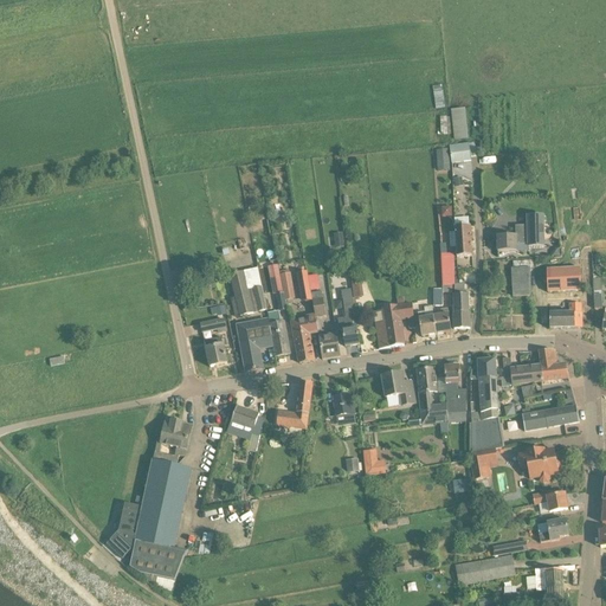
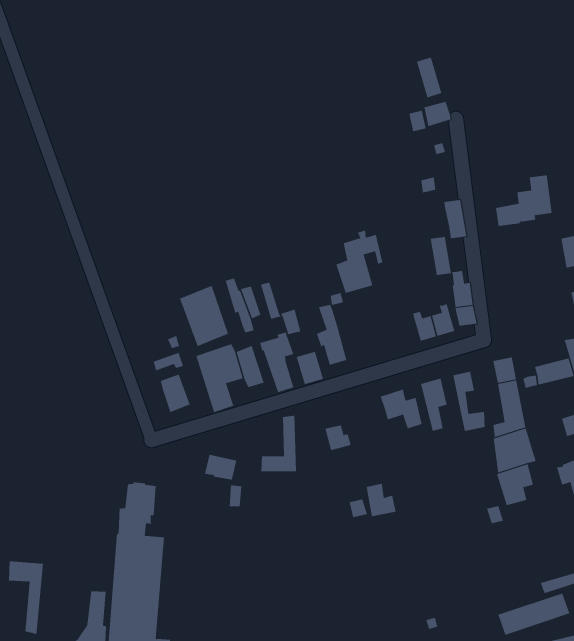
building: [509,265,528,294] -> none
building: [375,297,414,347] -> [335,230,383,294]
building: none -> [8,561,43,635]

